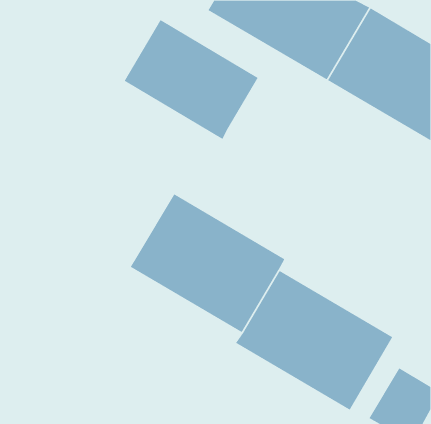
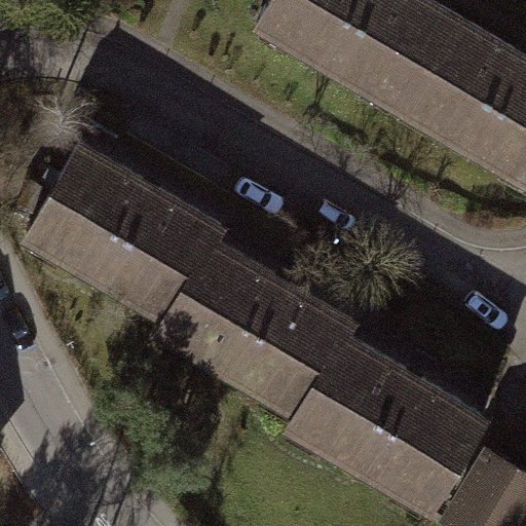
building: [124,19,258,140] -> none
building: none -> [26,147,220,321]

